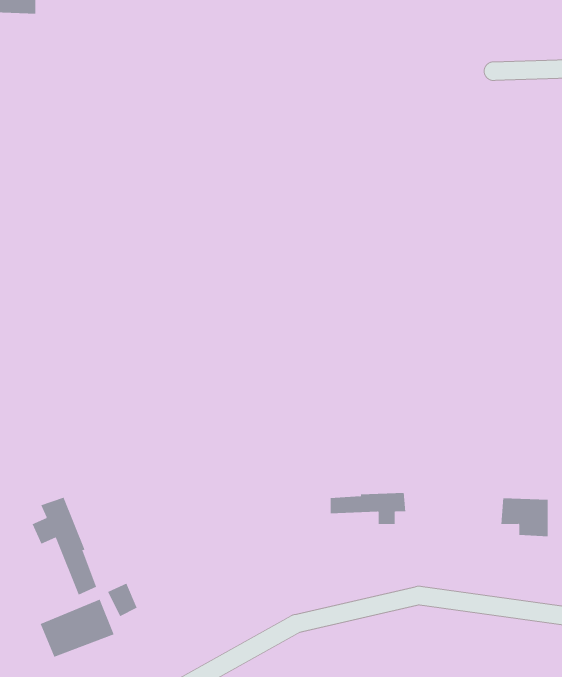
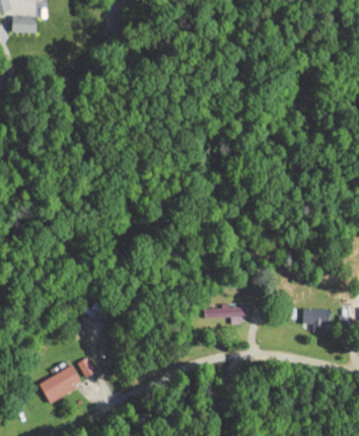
building: [32,497,97,595] -> none

